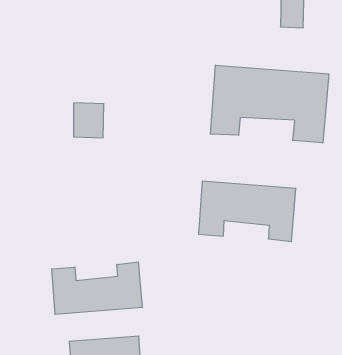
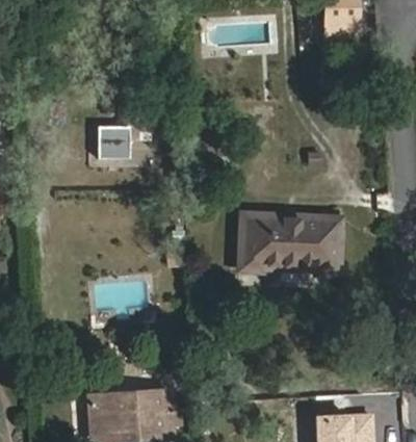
building: [211,65,329,143] -> none
building: [52,262,142,314] -> none

